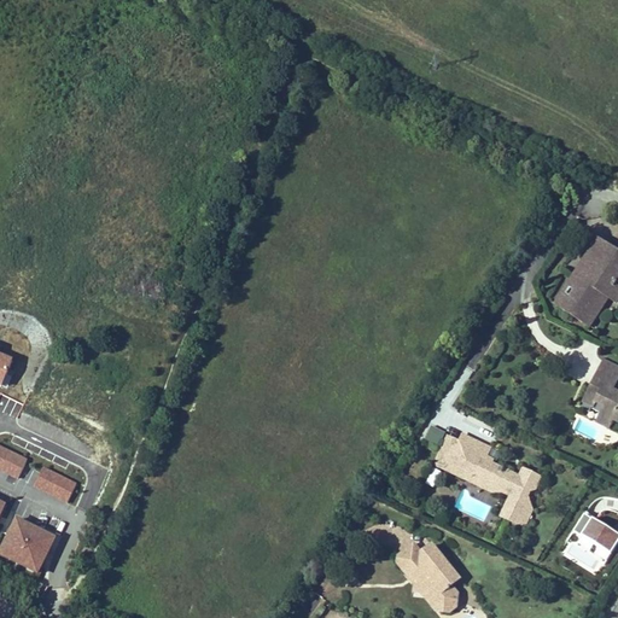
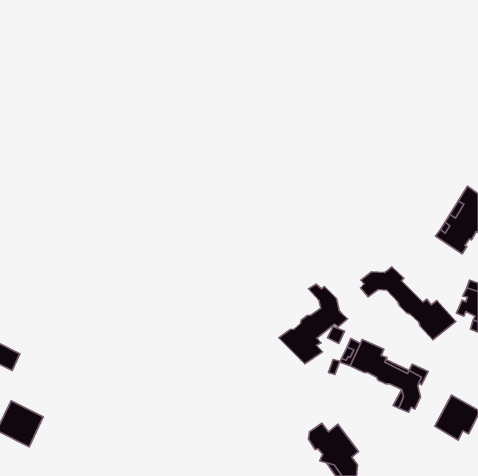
building: none -> [361,267,456,340]
building: none -> [279,284,347,364]
building: [30,462,74,499] -> none

